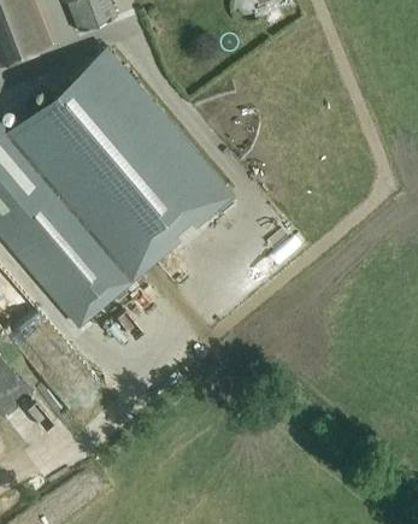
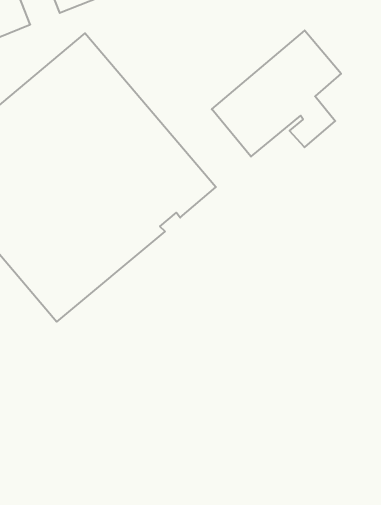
building: none -> [212,30,341,157]

